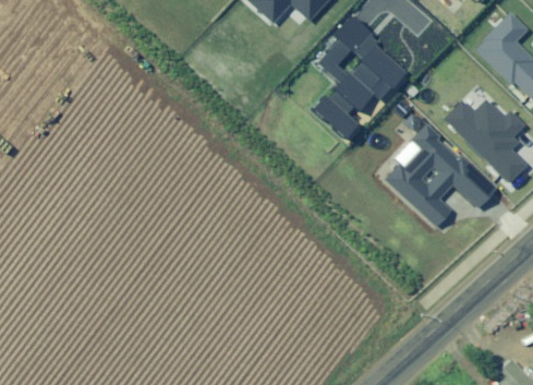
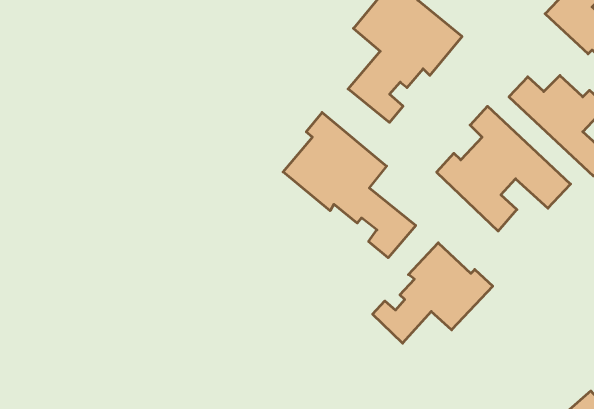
building: none -> [283,112,416,258]
building: none -> [373,243,493,343]

